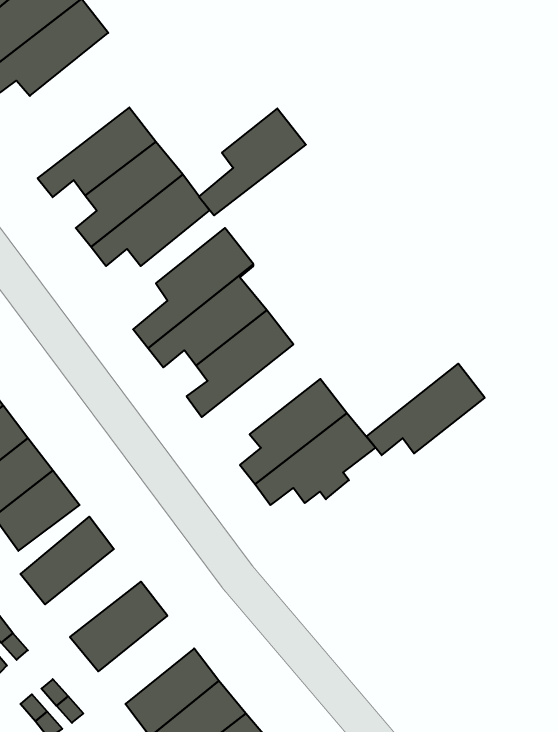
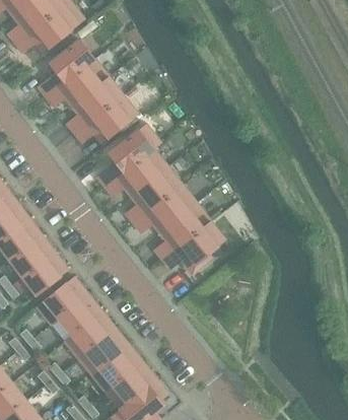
building: [199,108,306,215] -> [38,40,94,96]
building: [366,364,485,455] -> [133,185,196,233]
building: none -> [50,293,100,340]
building: none -> [78,329,129,375]

